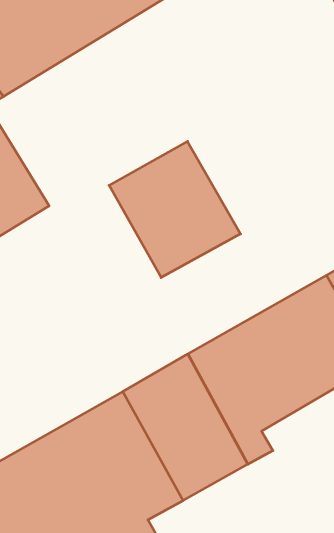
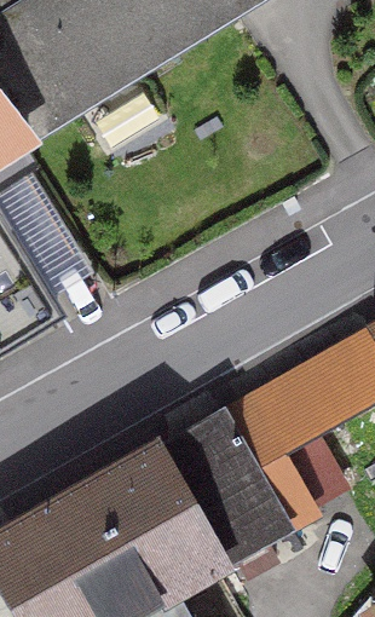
building: [109,141,241,278] -> none

